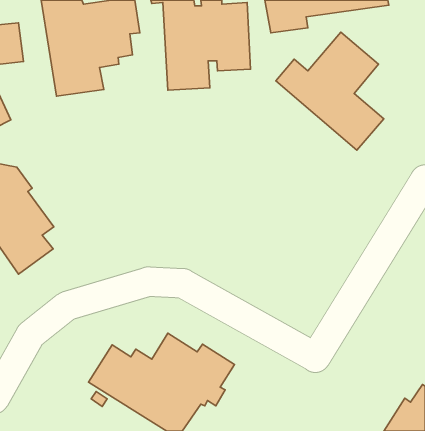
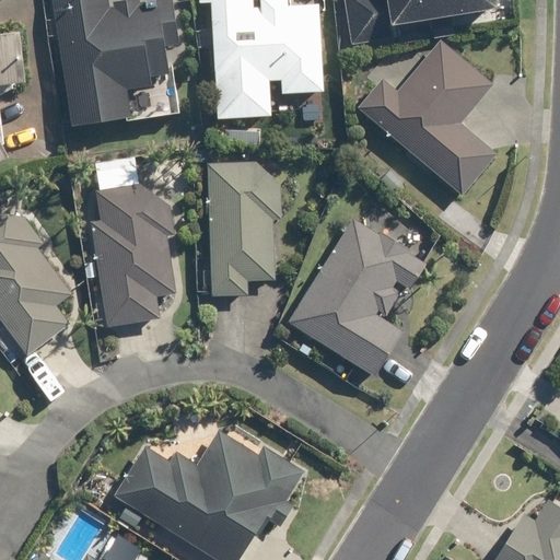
building: none -> [197,162,280,294]
building: none -> [90,184,175,326]
building: none -> [288,219,424,375]

